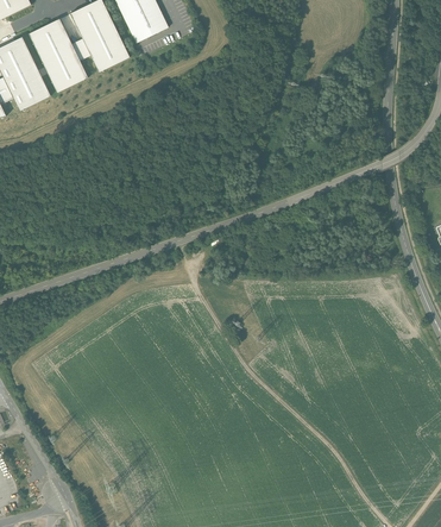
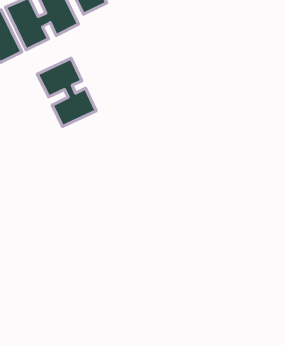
building: none -> [37,58,96,127]

